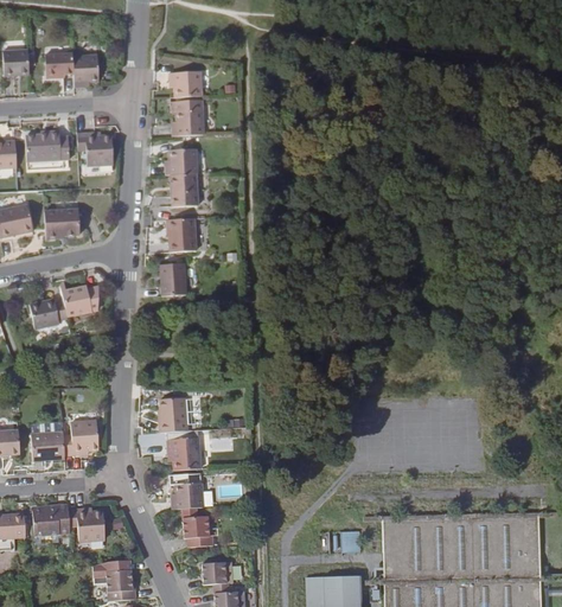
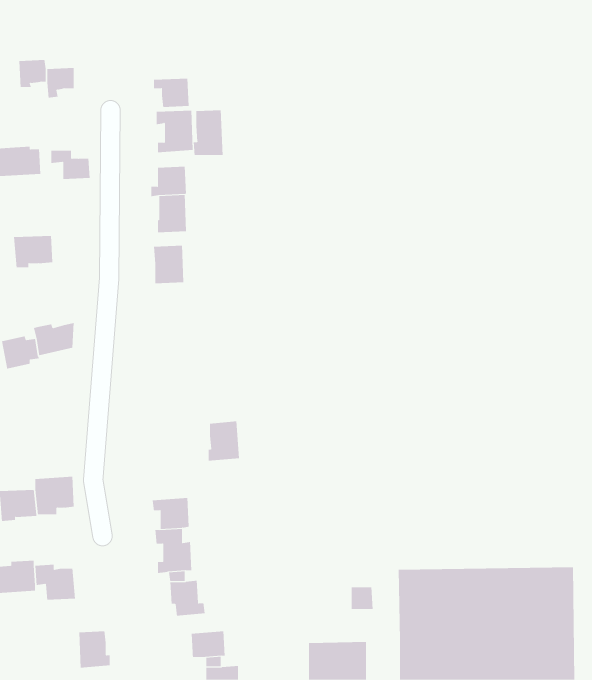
building: none -> [193,110,223,156]
building: [162,264,187,298] -> none
building: [160,398,189,434] -> [208,421,240,461]

